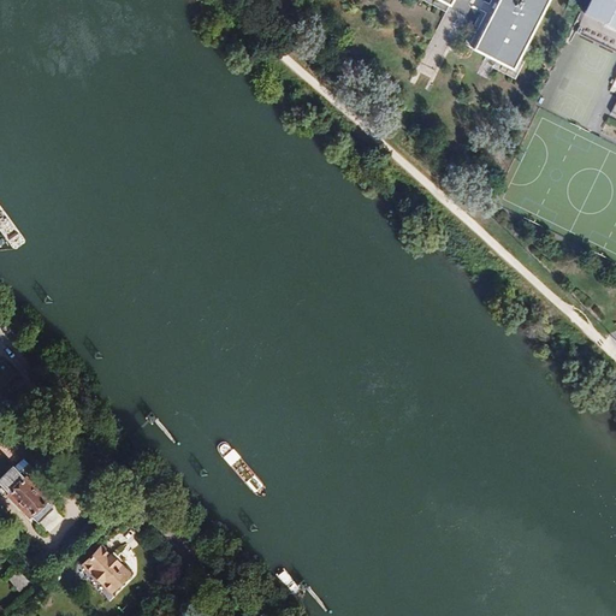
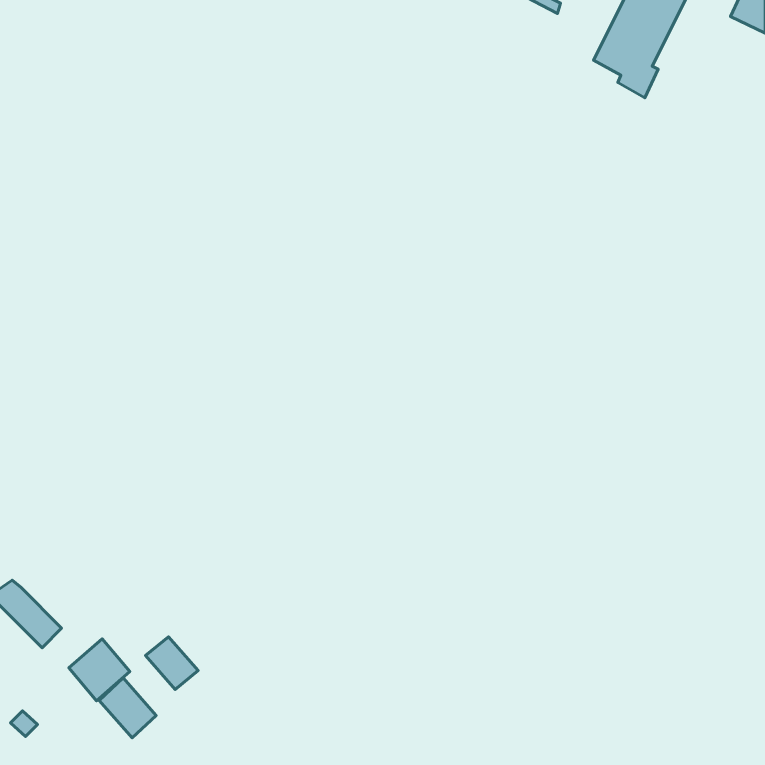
building: none -> [146,637,198,689]
building: none -> [69,639,130,701]

